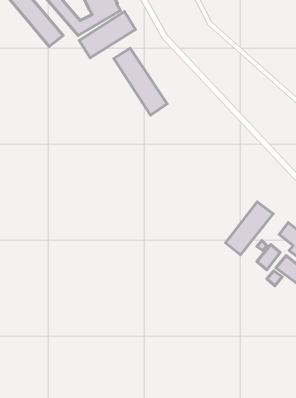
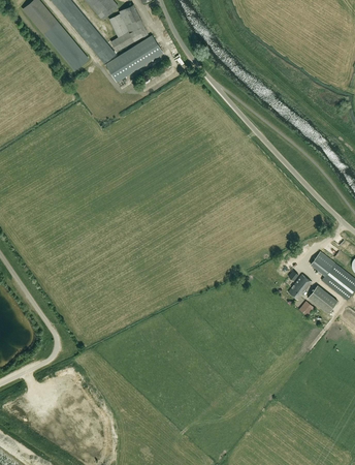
building: [114,48,167,115] -> none
building: [225,202,273,255] -> none

